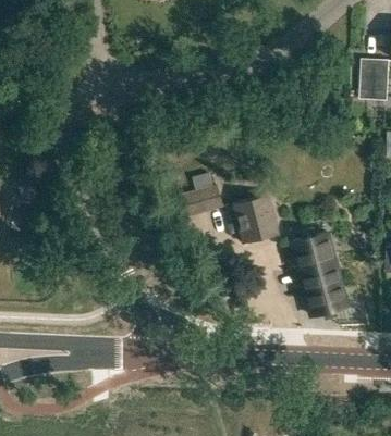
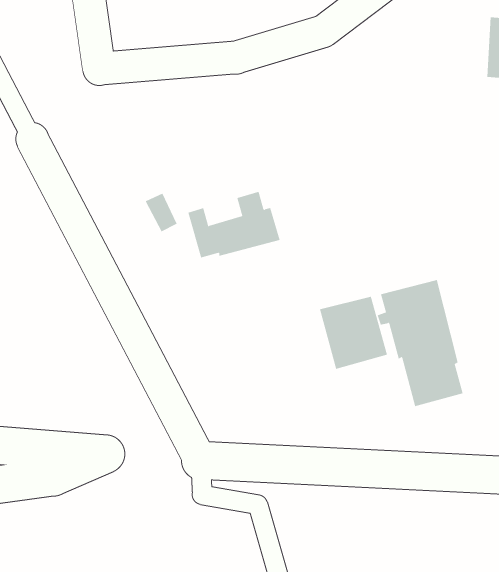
building: [233,195,279,244] -> [319,296,388,370]

